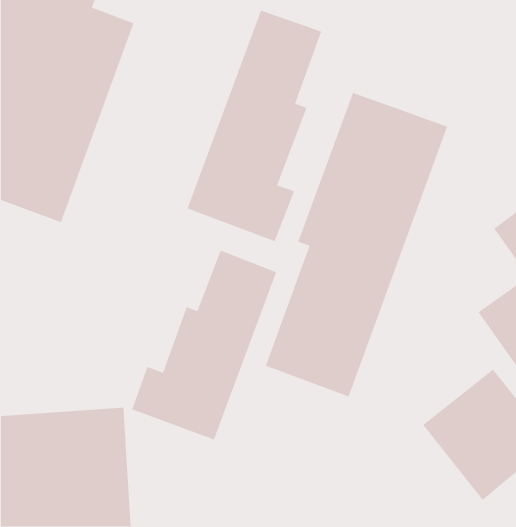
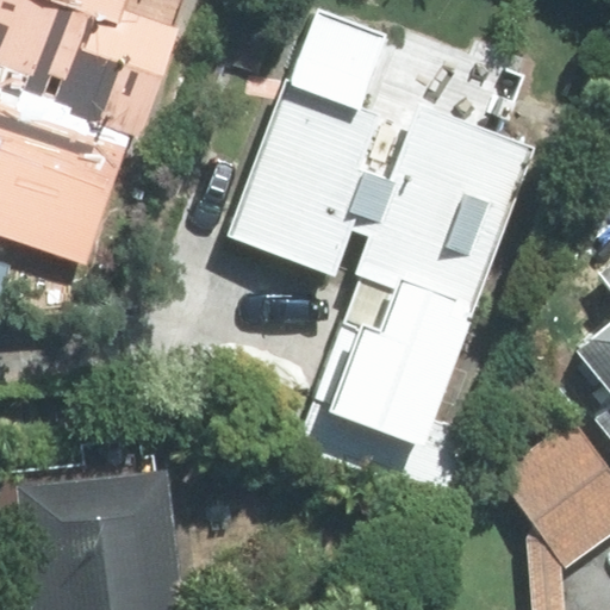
building: [131,250,277,440] -> none

